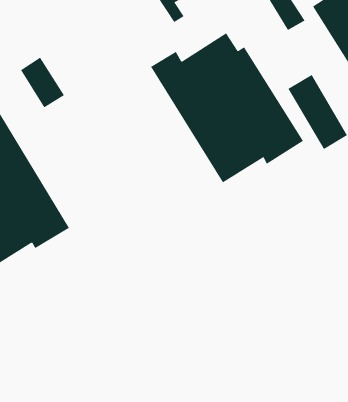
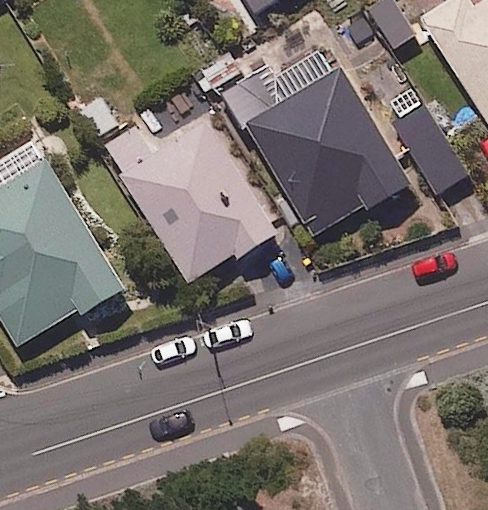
building: none -> [101,119,279,281]

